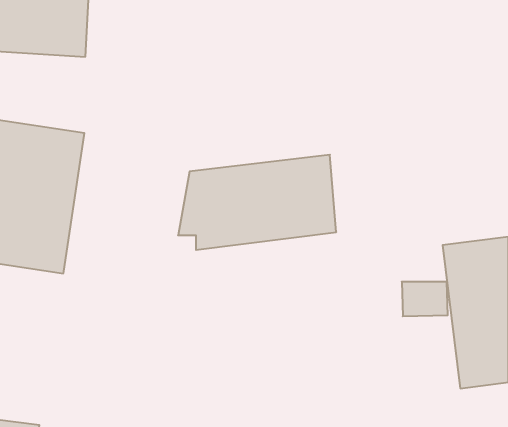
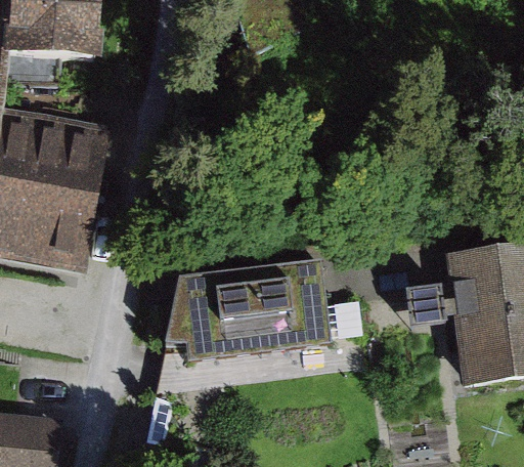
building: [178,155,336,250] -> [173,264,328,357]

